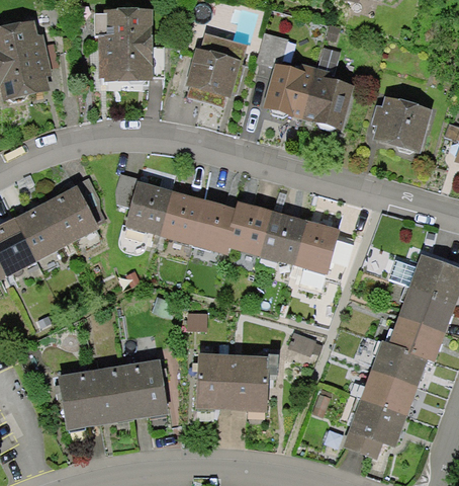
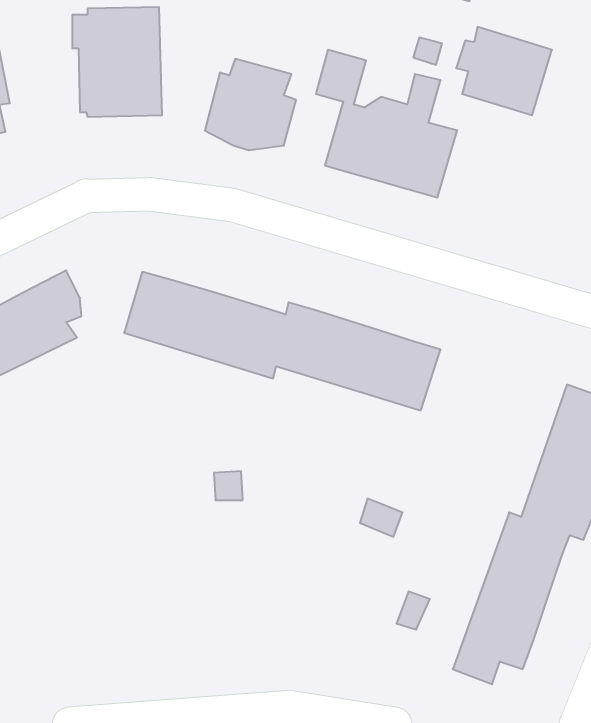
building: [367,97,431,156] -> [456,27,552,115]
building: [196,355,280,407] -> none
building: [59,363,167,427] -> none

